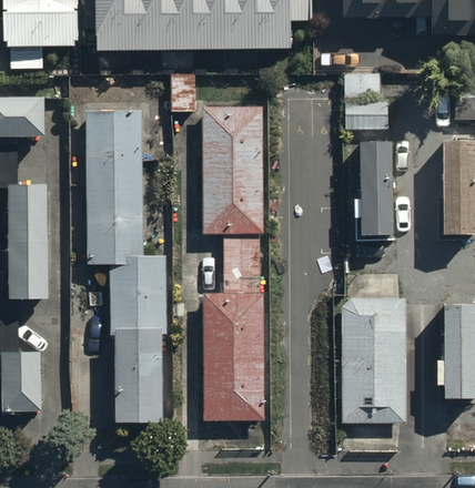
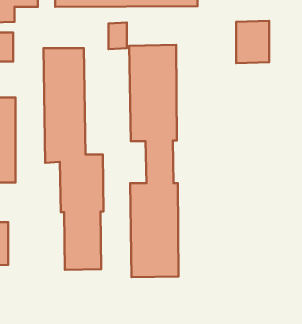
building: [355,135,391,231] -> none
building: [343,298,406,421] -> none

